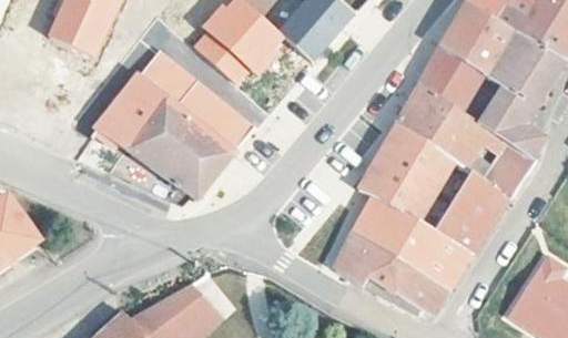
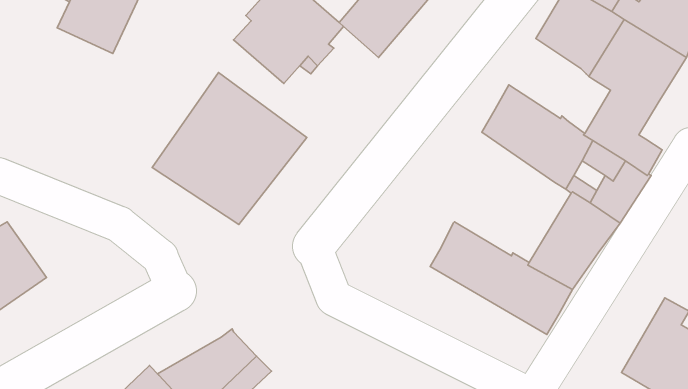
building: [418,45,481,113] -> none
building: [98,54,181,151] -> none
building: [357,122,456,223] -> none
building: [335,232,449,314] -> none

